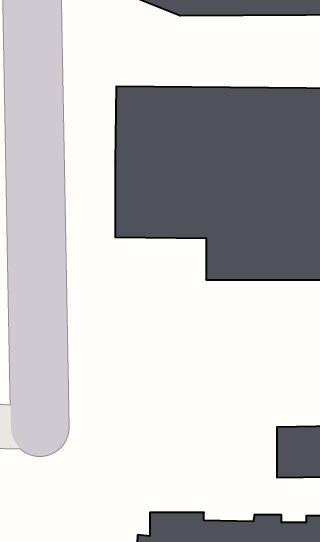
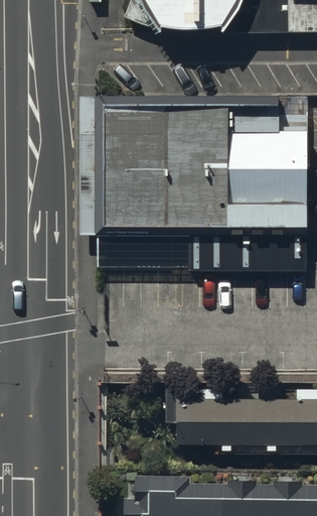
building: none -> [178,400,250,445]

